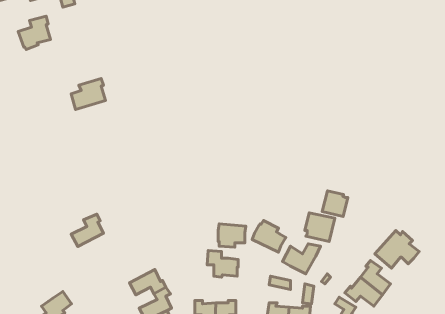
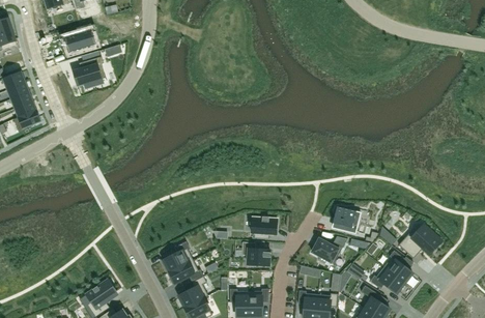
building: [71,78,106,110] -> [74,56,106,85]
building: [322,191,348,216] -> none
building: [71,214,103,246] -> [163,241,193,271]
building: [252,221,286,252] -> none

